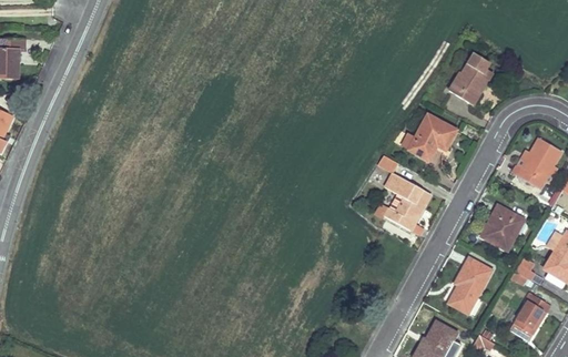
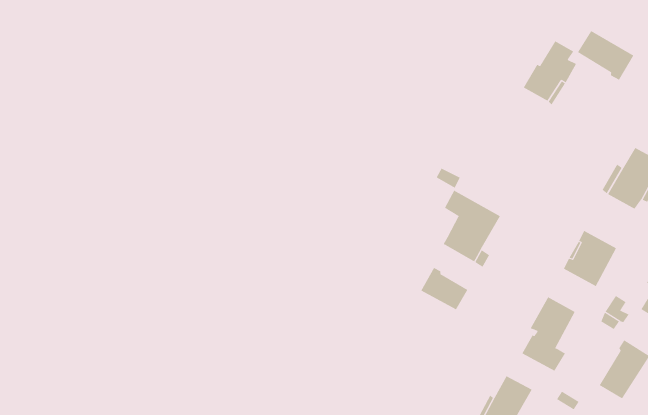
building: none -> [577,30,634,81]
building: [393,115,455,160] -> none
building: none -> [421,267,468,310]

